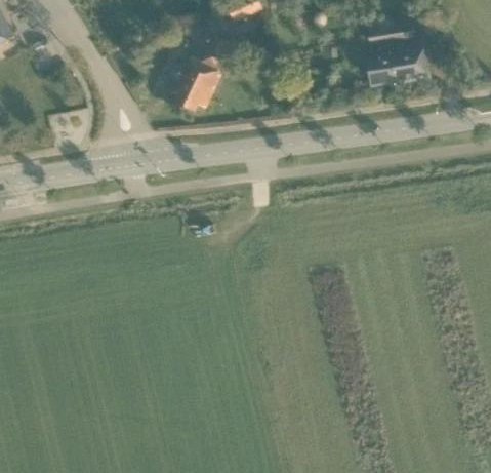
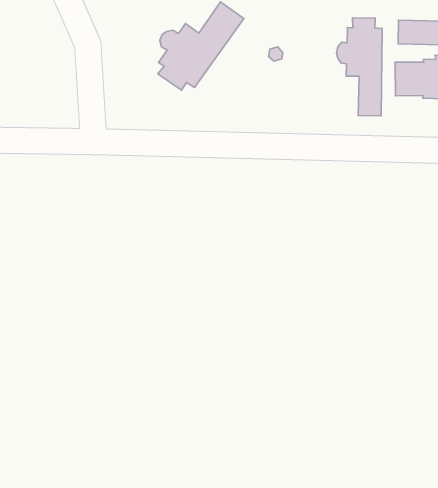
building: none -> [337,18,382,116]

